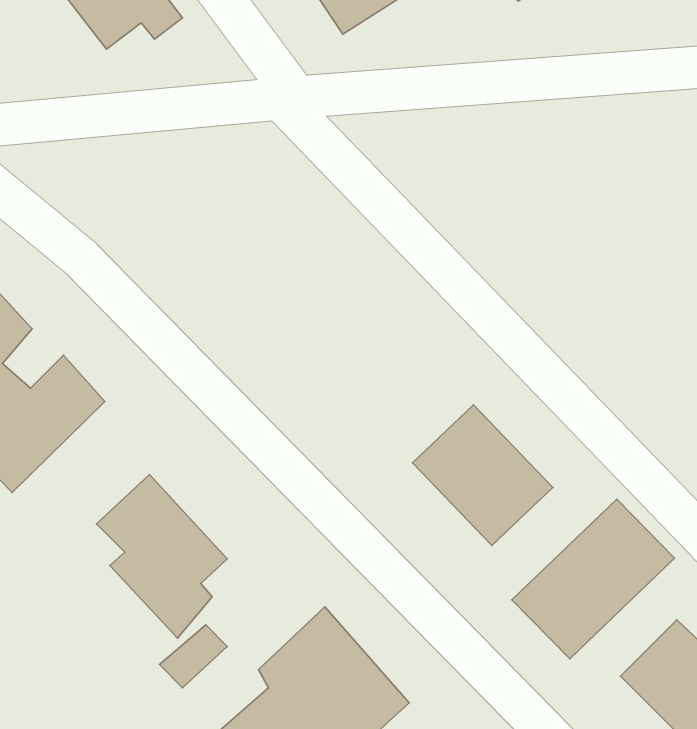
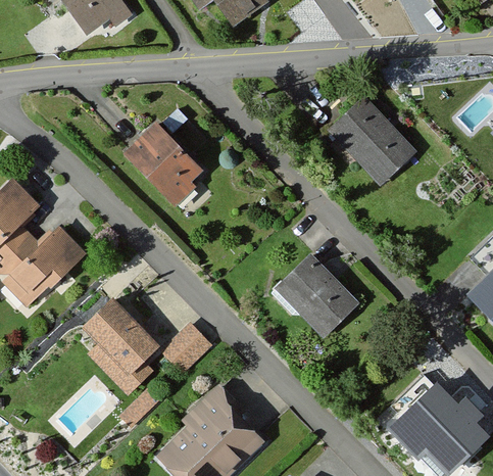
building: none -> [328,94,418,186]
building: none -> [125,121,204,201]
building: [512,499,675,659] -> none
building: none -> [159,320,212,373]

